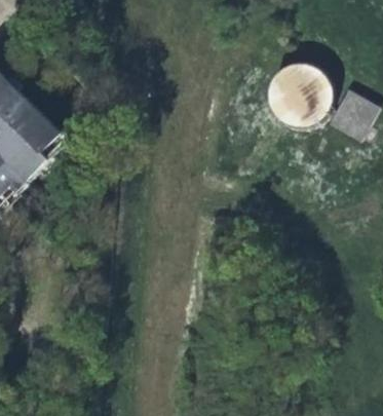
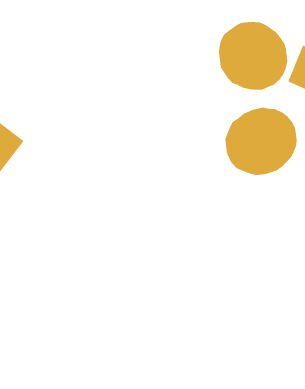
building: none -> [225,107,297,176]

